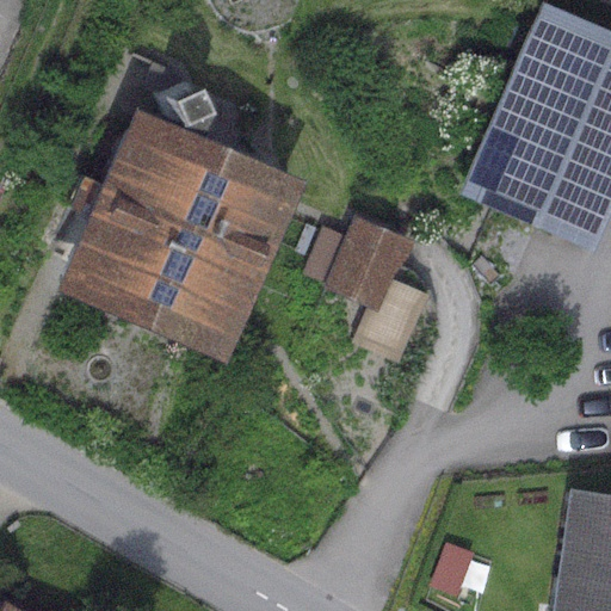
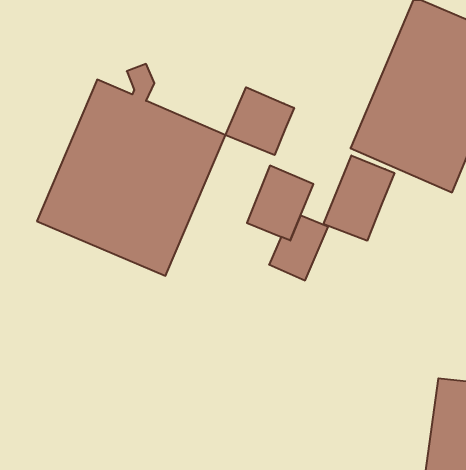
building: none -> [226,87,294,155]
building: none -> [323,155,394,241]

